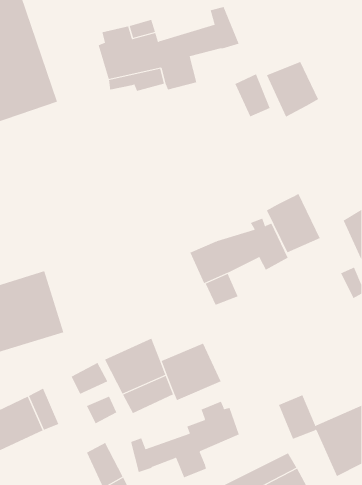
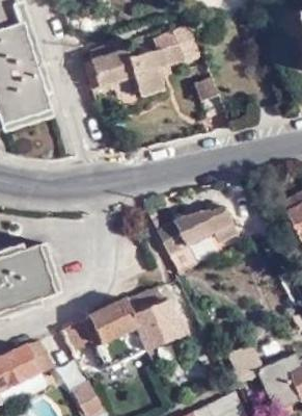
building: [266,61,319,118] -> none
building: [266,193,321,253] -> none
building: [131,401,240,478] -> none

